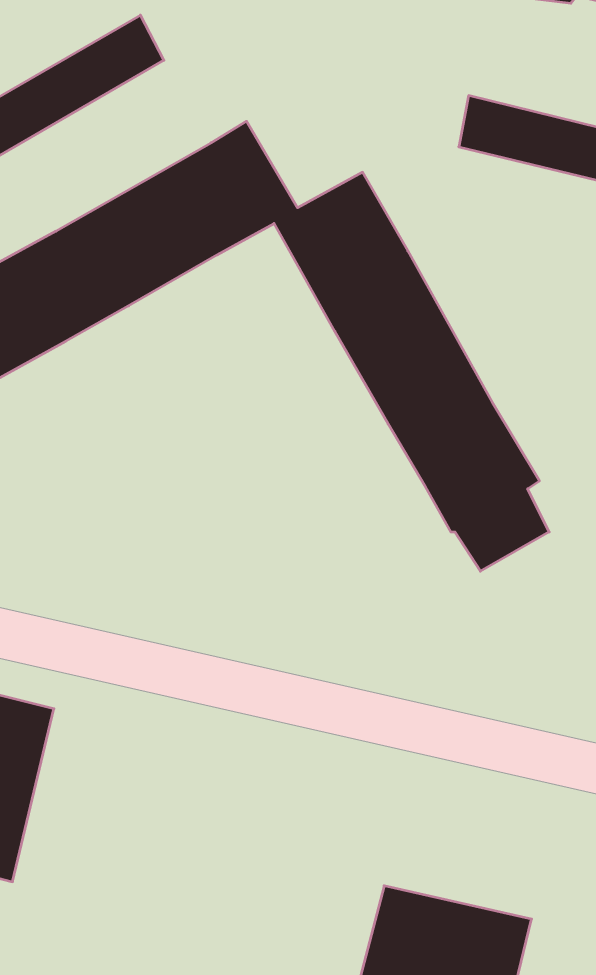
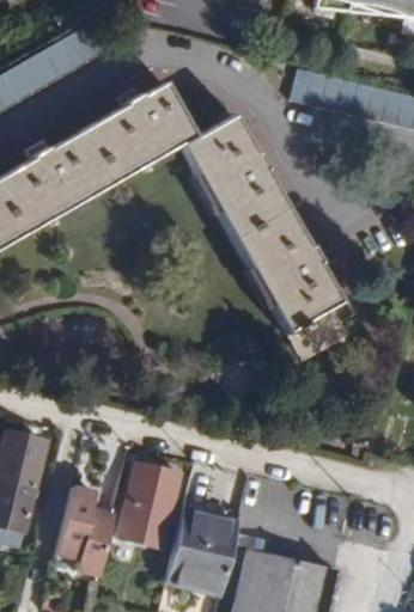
building: none -> [115,463,178,549]
building: none -> [54,488,110,576]
building: none -> [164,509,237,595]

